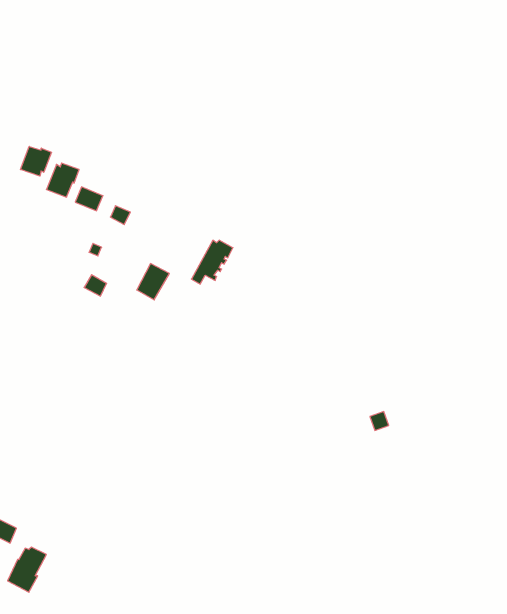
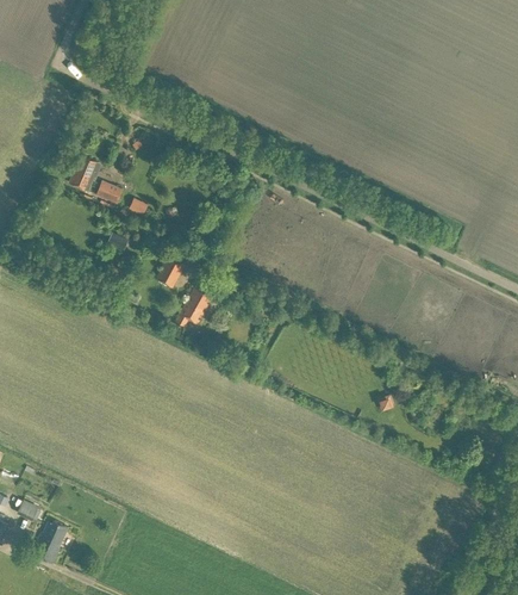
building: [21,146,52,176] -> none
building: [191,240,233,284] -> [175,286,214,328]

